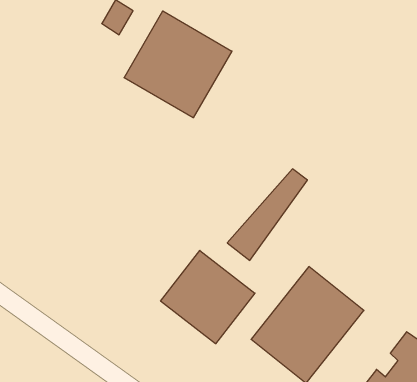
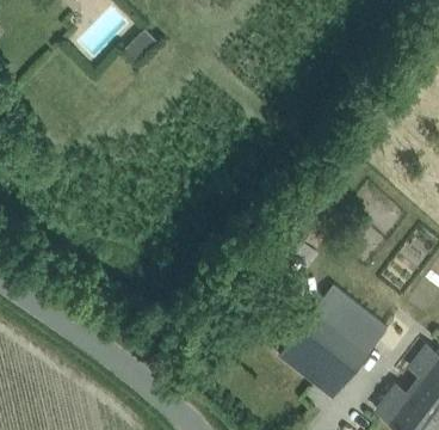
building: [124,11,232,118] -> none
building: [161,250,255,344] -> none

